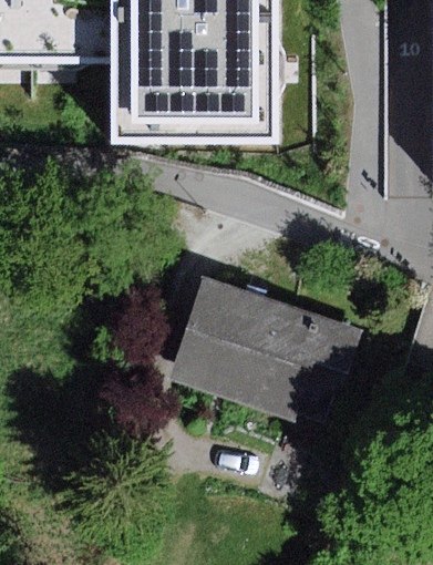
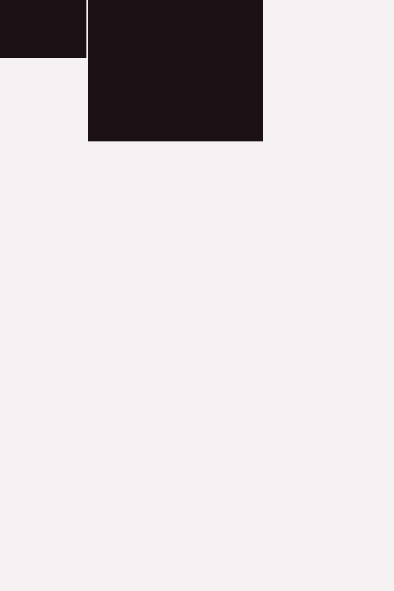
building: [175,274,351,420] -> none

